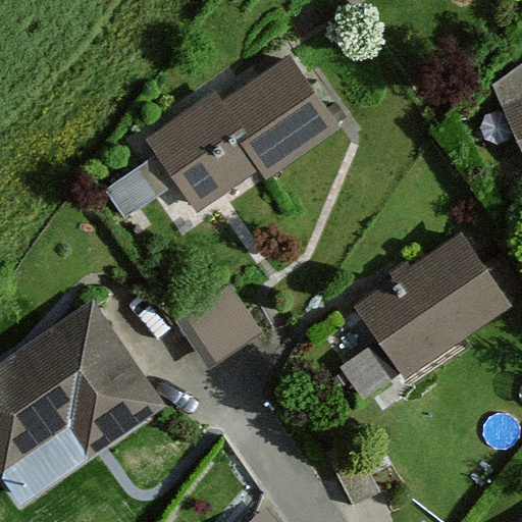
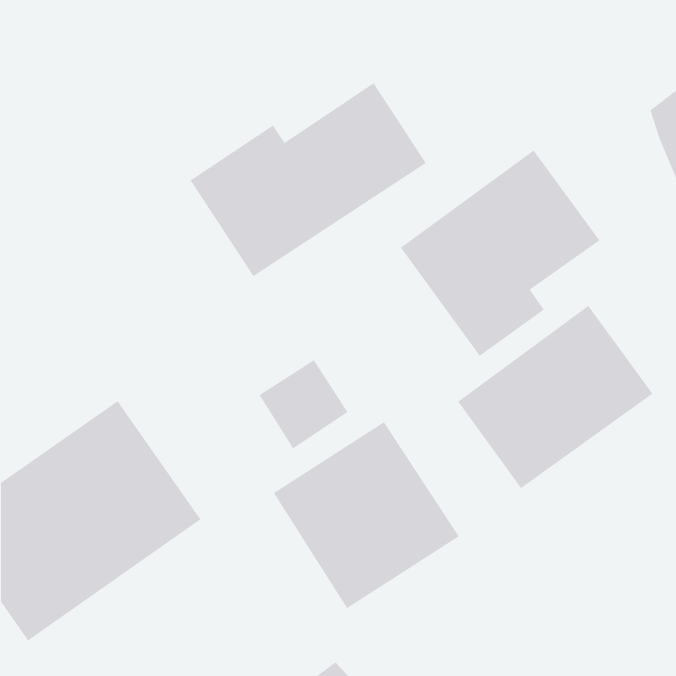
building: none -> [400,149,601,357]
building: none -> [273,421,460,609]

